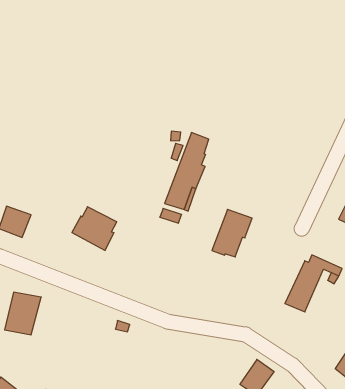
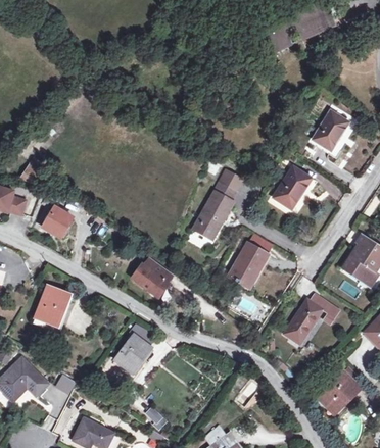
building: none -> [313,110,347,149]
building: none -> [272,166,311,209]
building: [72,207,117,250] -> [130,256,171,297]
building: none -> [113,335,151,371]

